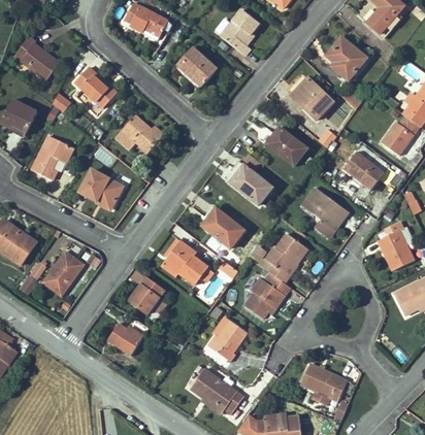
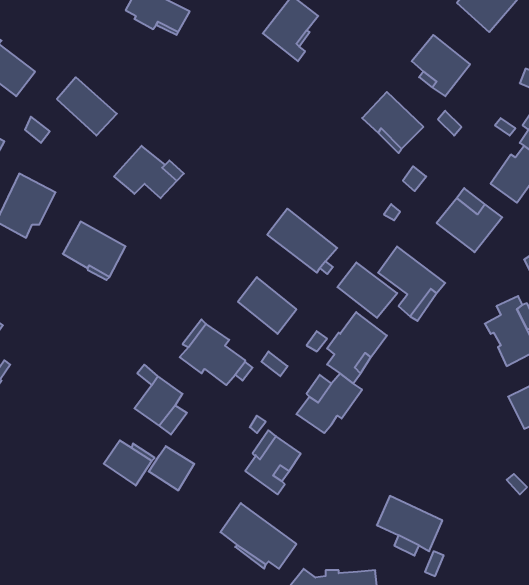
building: [176,47,217,87] -> none
building: [265,127,307,166] -> [337,262,397,318]
building: [42,252,84,296] -> none
building: none -> [149,446,194,491]

